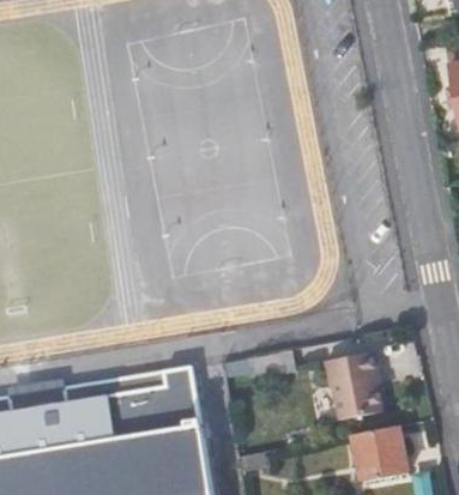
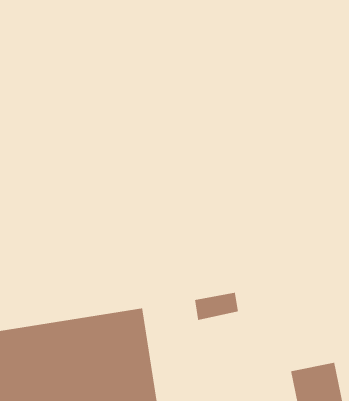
building: [325,352,381,421] -> none

